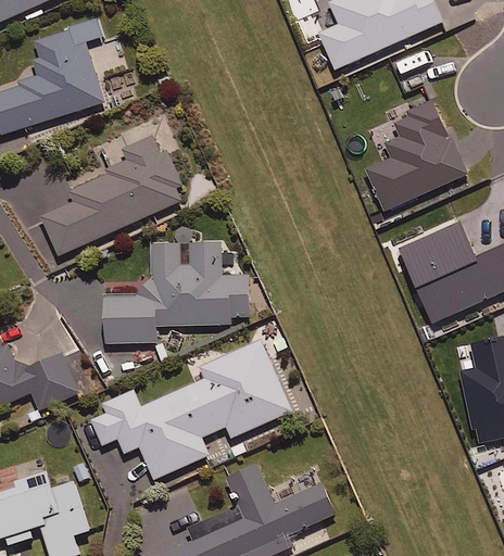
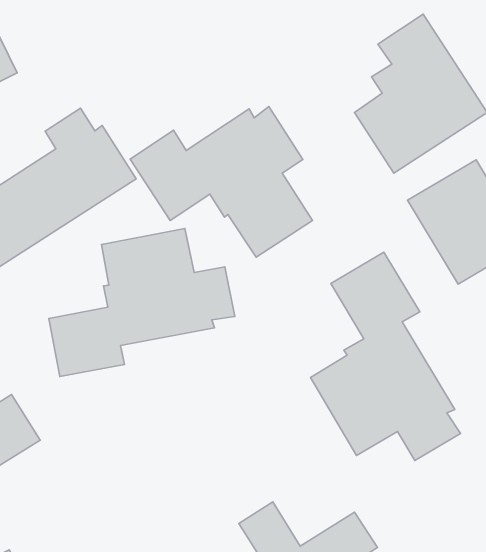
building: none -> [130,107,312,257]
building: none -> [310,252,461,460]
building: [90,341,291,480] -> none

